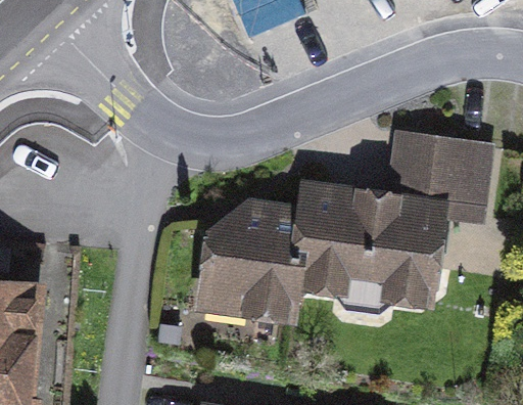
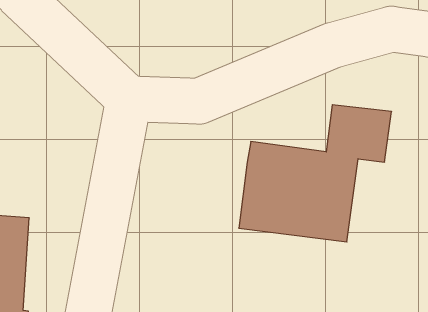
building: [201,202,303,319] -> none

